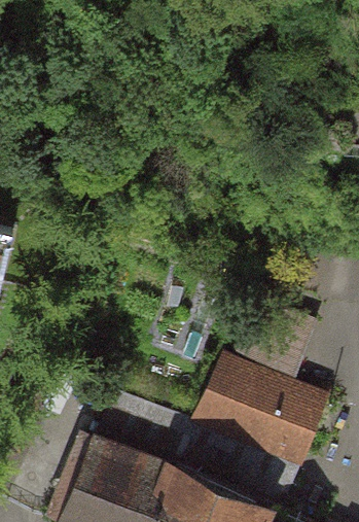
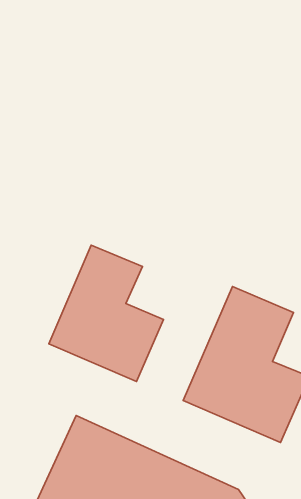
building: none -> [49,245,163,381]

